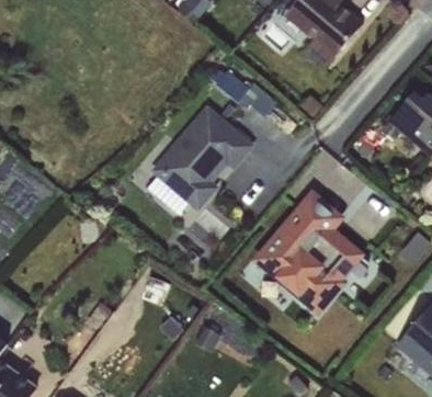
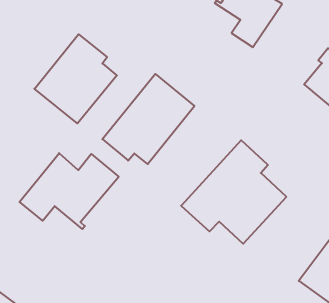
building: none -> [34,34,117,123]
building: none -> [20,153,119,229]

